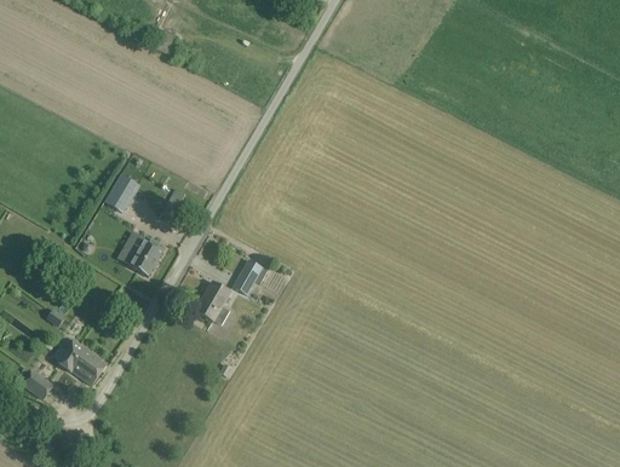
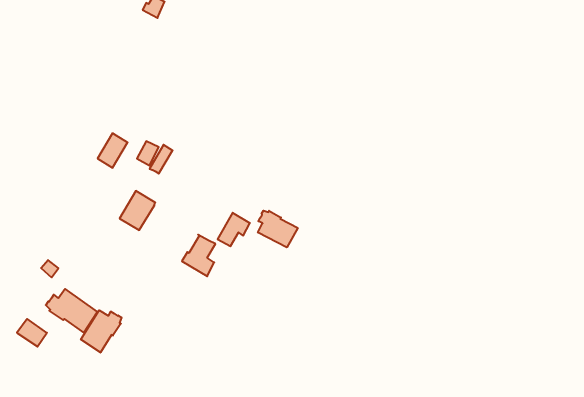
building: none -> [258,211,298,247]
building: none -> [81,310,122,353]

